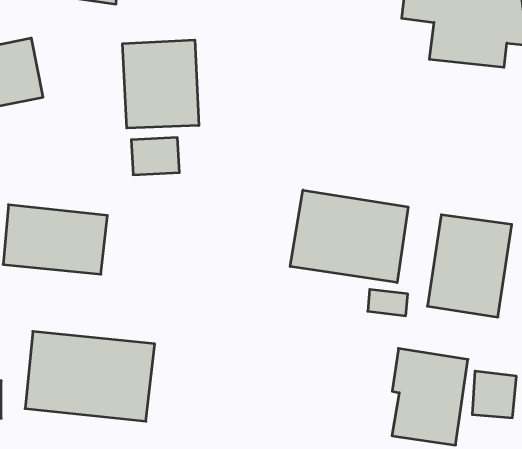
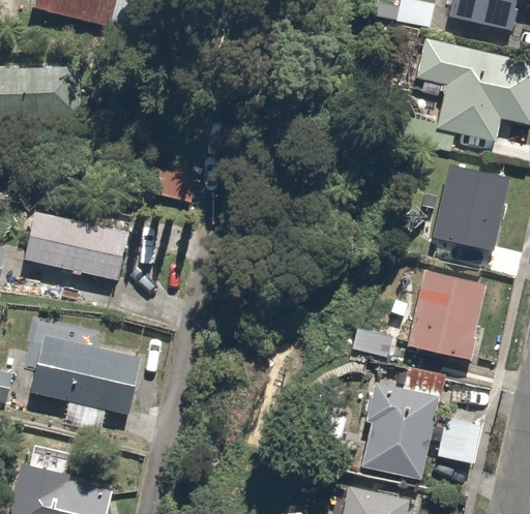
building: [123,40,199,128] -> none
building: none -> [430,163,507,248]
building: [290,190,408,283] -> none

